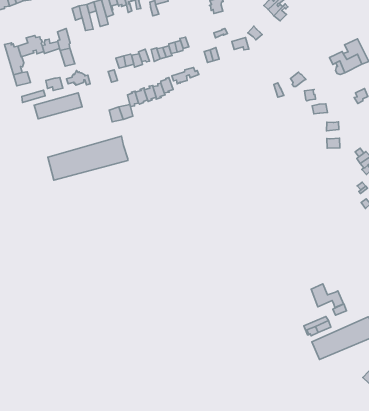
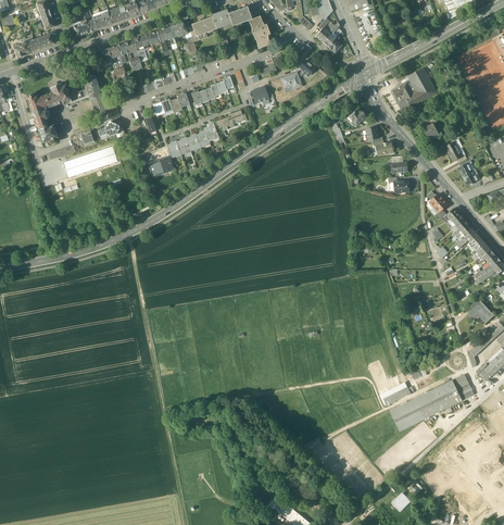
building: [48,136,128,180] -> none
building: [311,284,344,308] -> none

